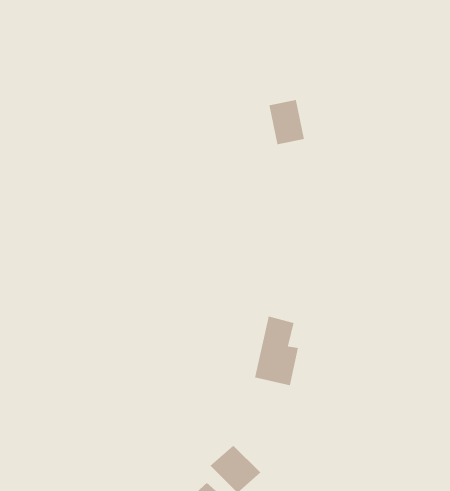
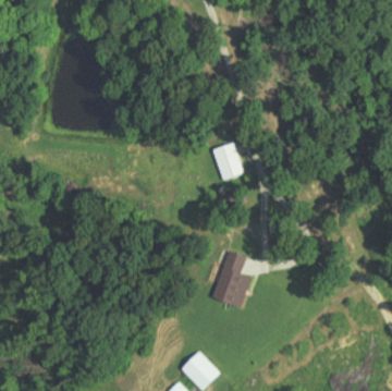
building: [269,99,305,145] -> [213,144,242,180]

